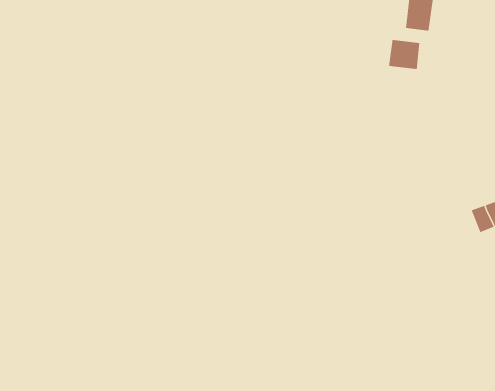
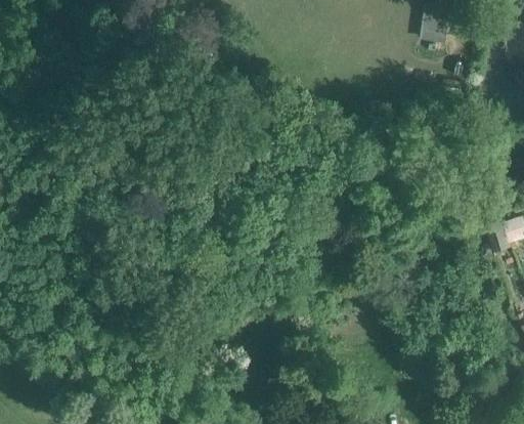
building: [389,39,420,70] -> none

